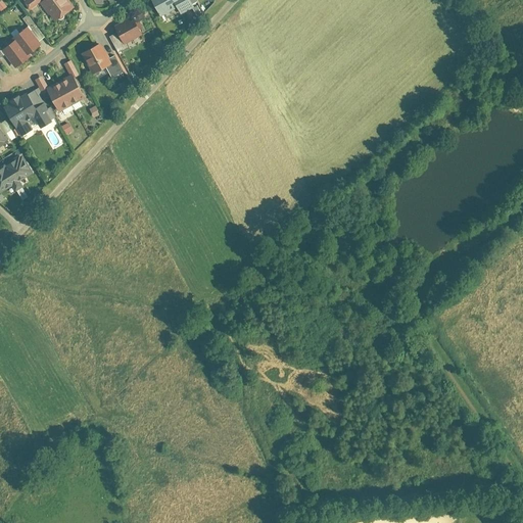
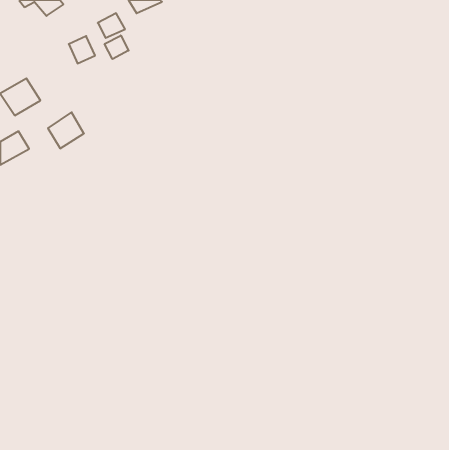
building: [5,28,41,65] -> none
building: none -> [105,35,129,59]
building: [43,69,85,111] -> [48,112,84,148]

